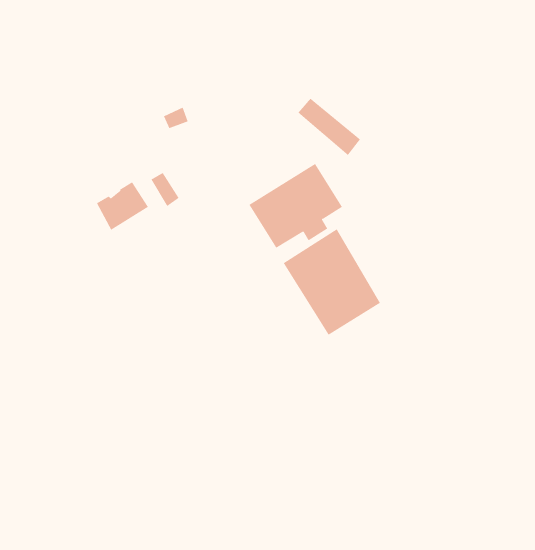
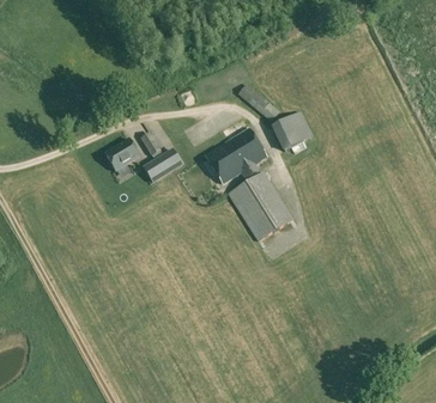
building: none -> [271,110,313,151]
building: none -> [143,149,181,182]

